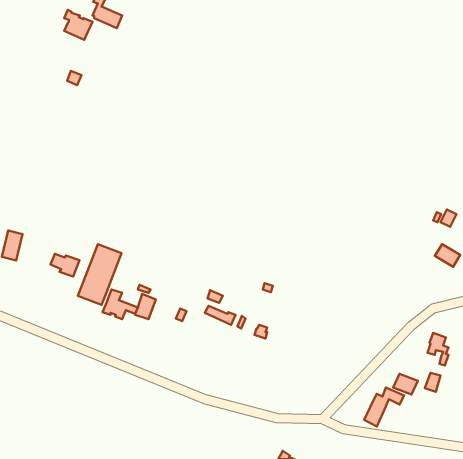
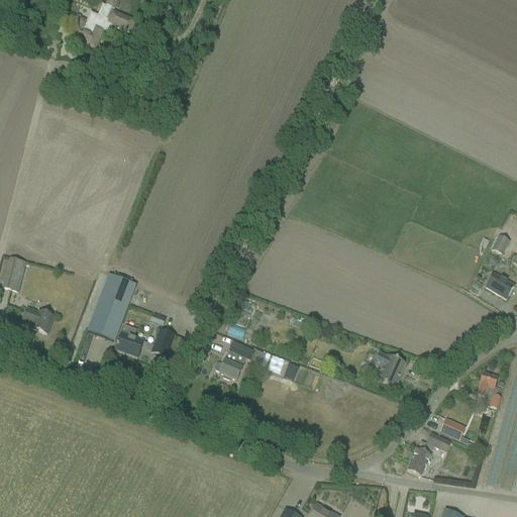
building: [50,254,79,276] -> [21,306,54,331]
building: none -> [373,348,406,387]
building: none -> [214,358,243,379]

